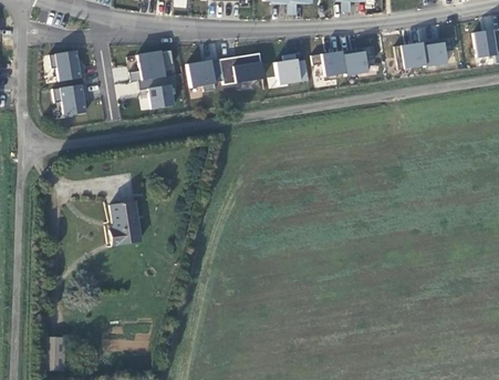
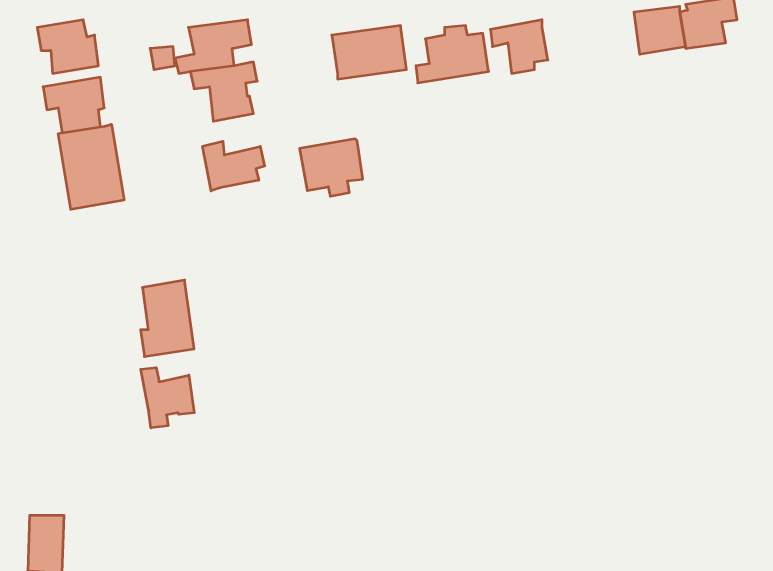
building: [342,44,375,74] -> none
building: [187,57,223,90] -> [300,139,363,196]
building: none -> [58,124,124,209]
building: none -> [203,141,265,191]
building: none -> [141,368,194,428]

